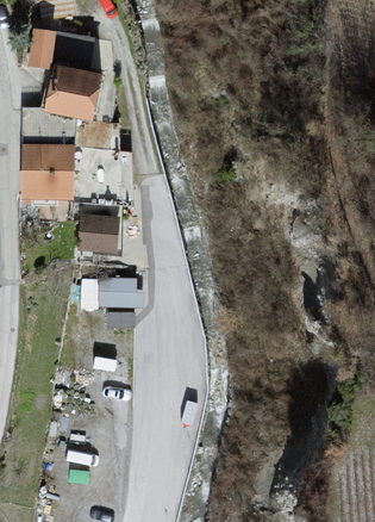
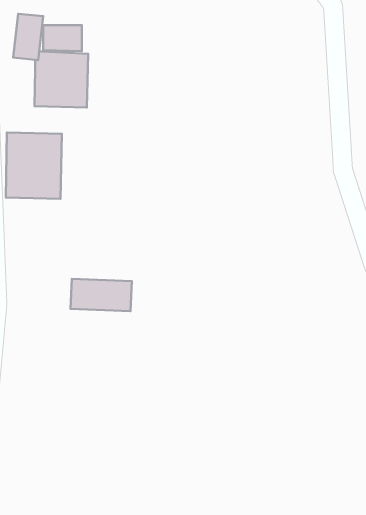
building: [75,215,117,253] -> none

